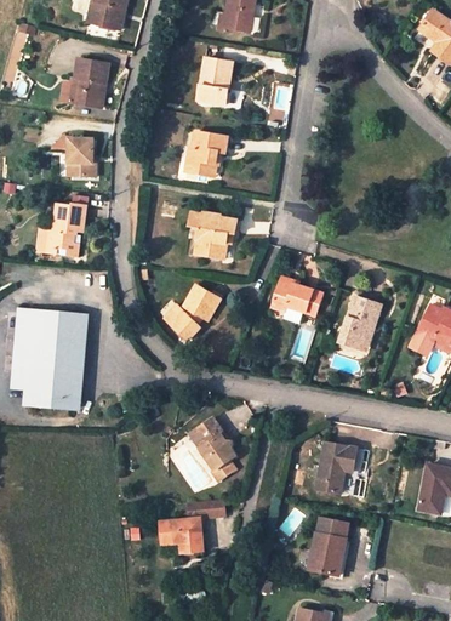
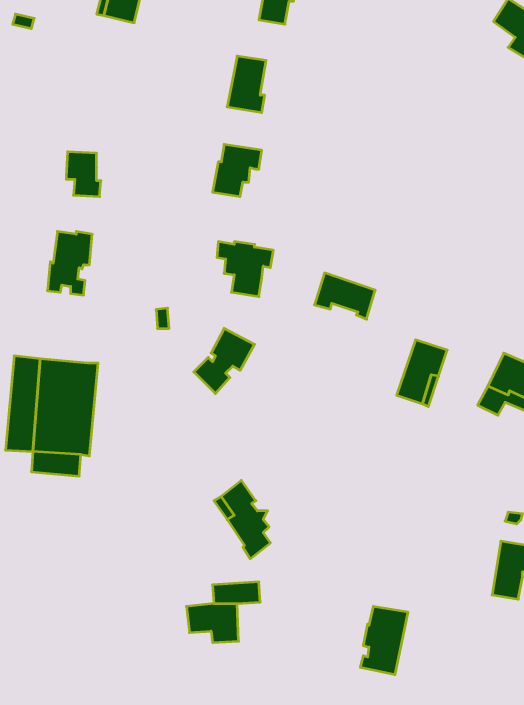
building: [65,59,108,107] -> none
building: [272,278,322,317] -> [314,273,375,319]
building: [315,441,355,492] -> none

